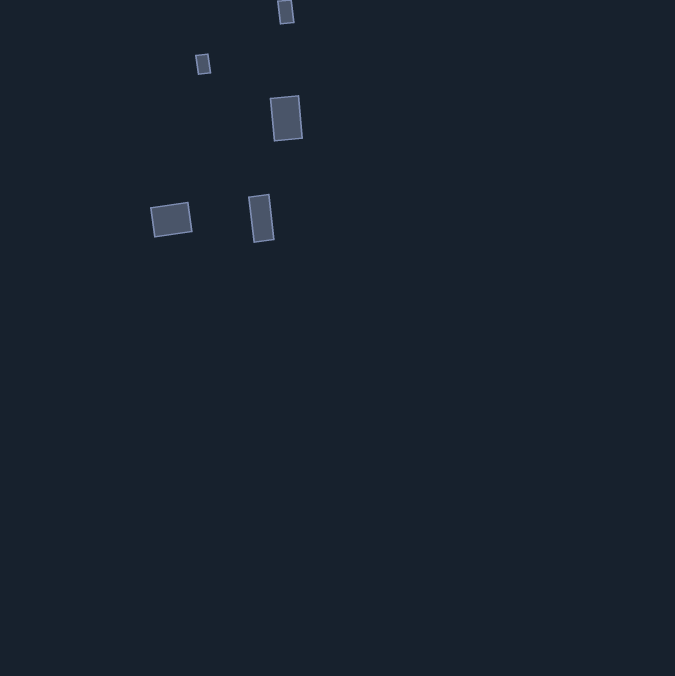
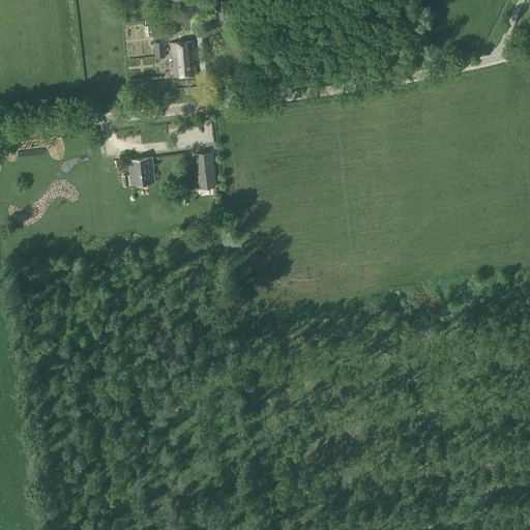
building: [271,96,302,141] -> [172,41,197,77]

